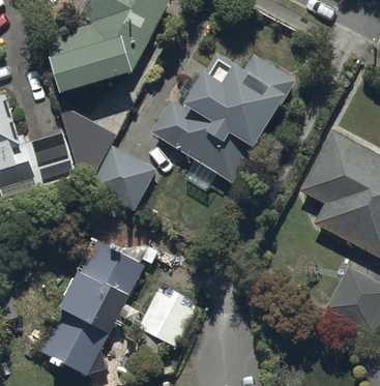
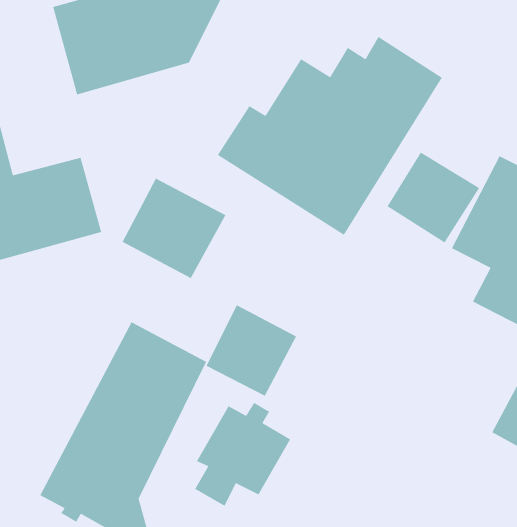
building: [61,106,114,190] -> none
building: none -> [386,152,480,243]
building: none -> [205,304,297,397]

